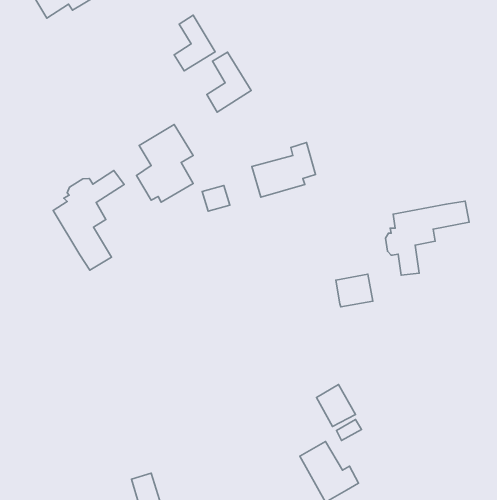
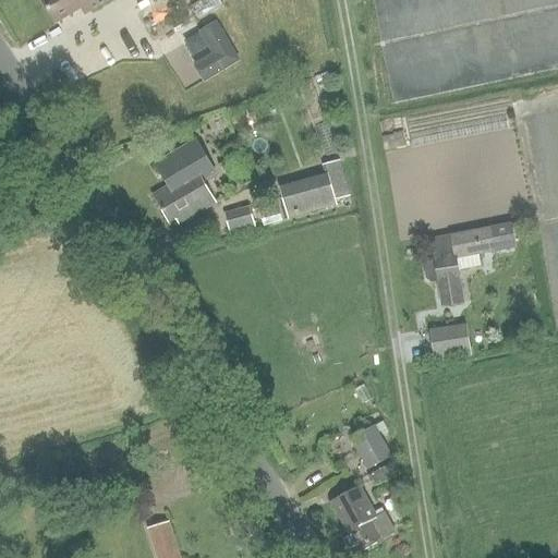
building: [207,52,251,112] -> none
building: [53,170,124,270] -> none
building: [336,274,373,307] -> [430,322,471,357]

